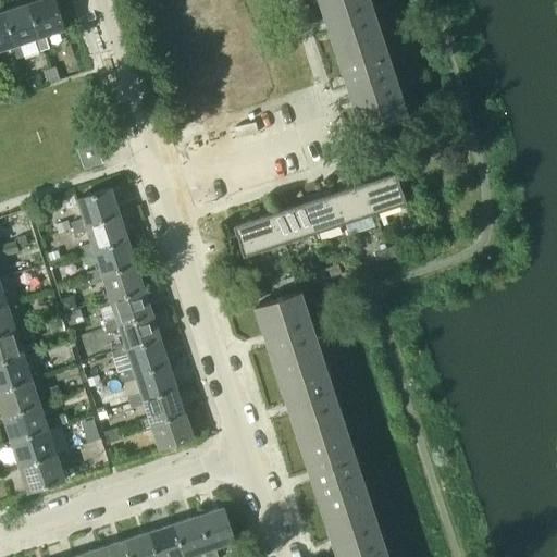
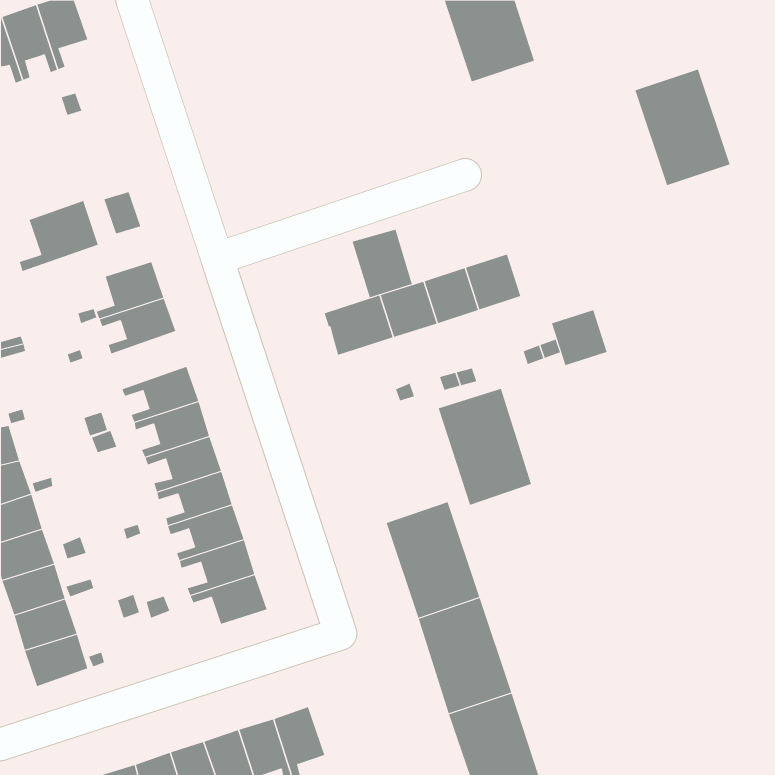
building: [338,45,407,128] -> [635,69,730,186]
building: none -> [19,200,98,272]
building: none -> [352,229,412,298]
building: [364,173,405,213] -> [551,309,608,366]
building: [81,238,135,280] -> none
building: [255,292,322,375] -> [438,388,532,505]

